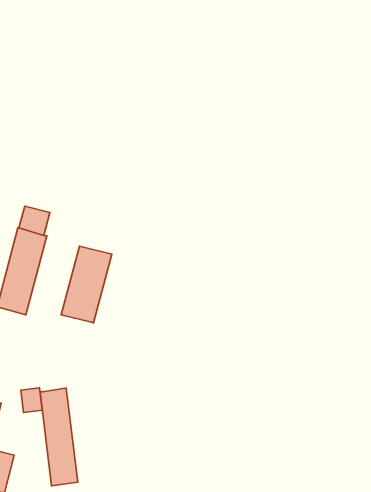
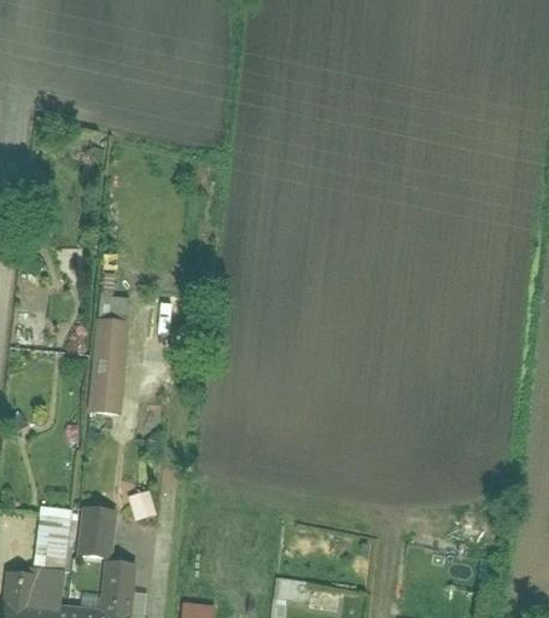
building: [61,246,112,323] -> none
building: [40,388,78,486] -> none

